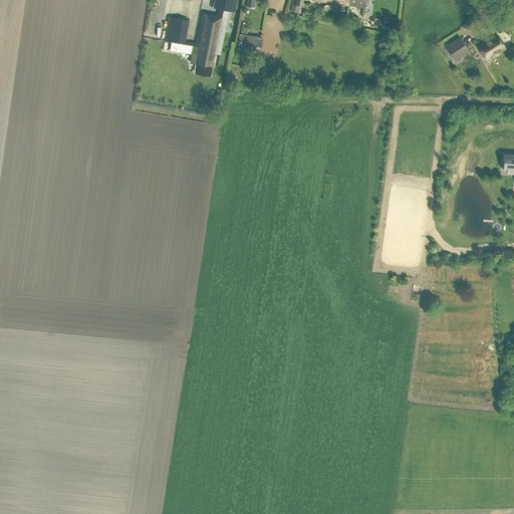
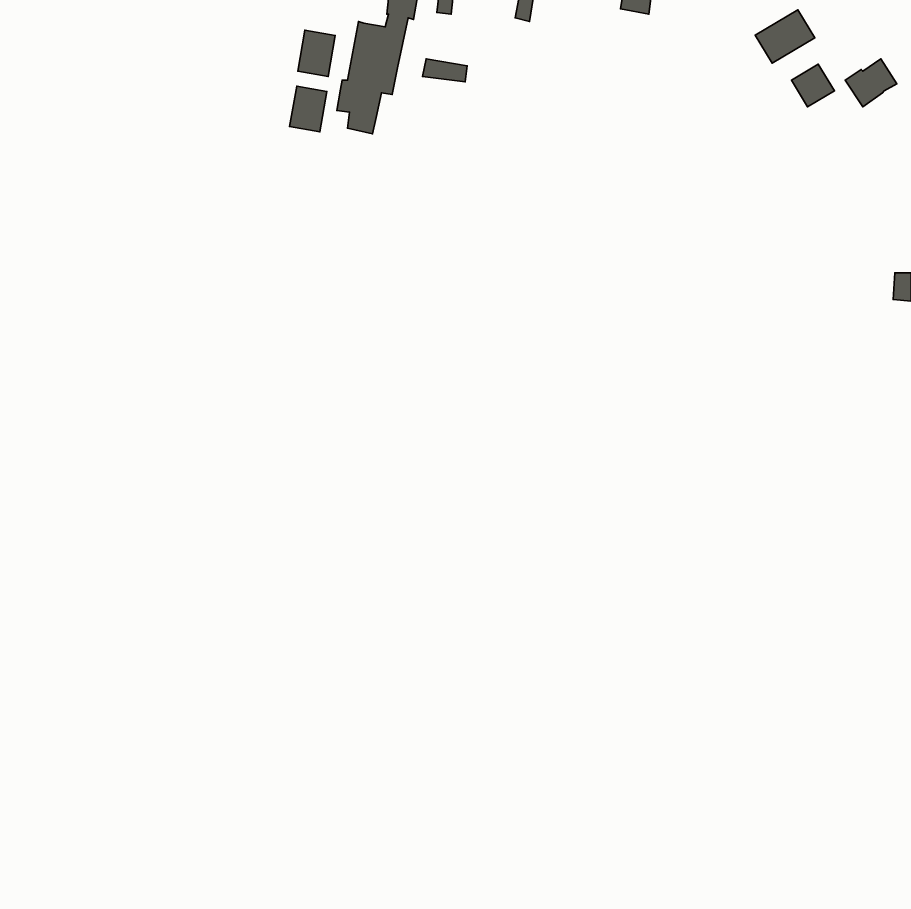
building: none -> [755,10,815,63]
building: none -> [290,86,327,132]

